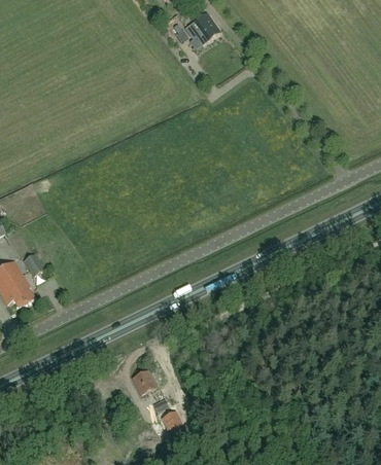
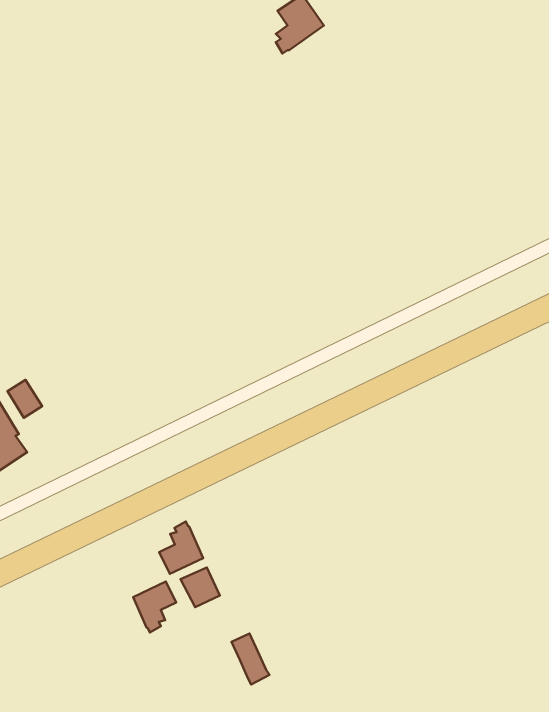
building: none -> [159,521,203,574]
building: none -> [133,582,176,632]

